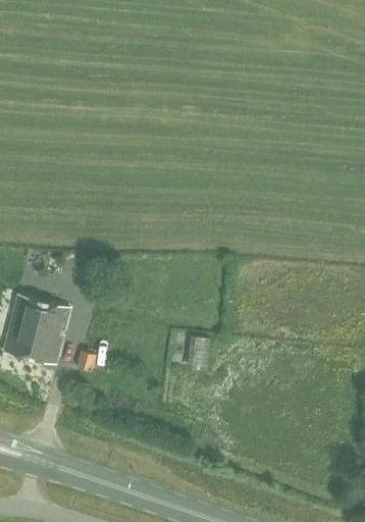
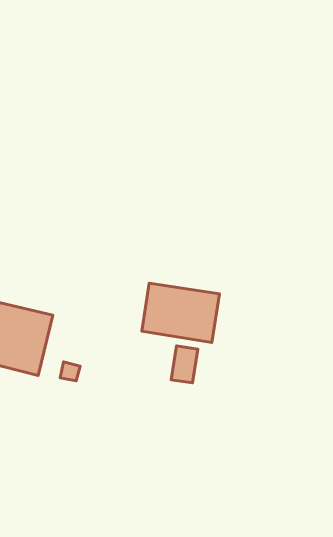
building: none -> [142,283,219,342]

